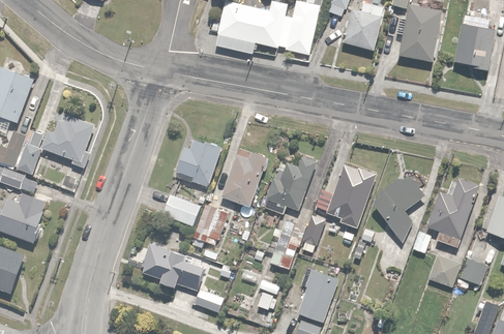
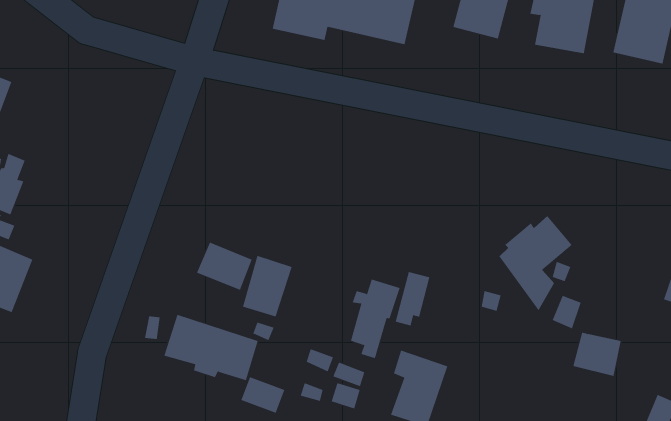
building: [41,115,95,168] -> none
building: [177,139,221,182] -> none
building: [220,153,266,207] -> none
building: [264,157,316,214] -> none
building: [327,162,376,229] -> none
building: [427,177,480,249] -> none
building: [461,259,487,286] -> none

